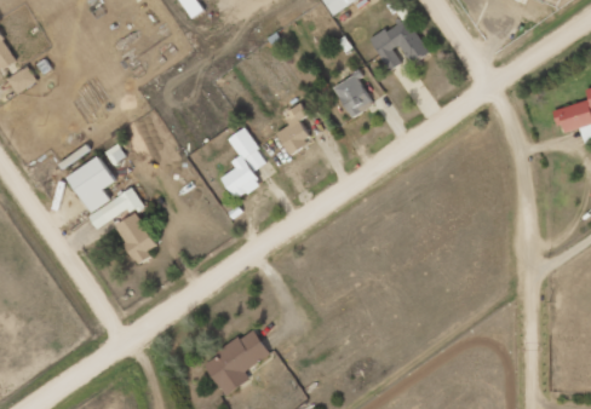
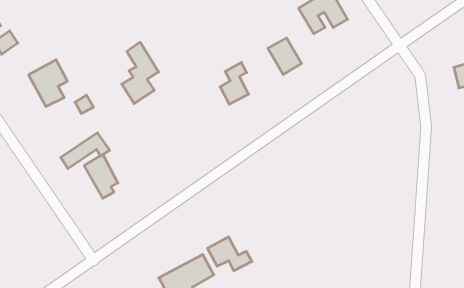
building: [222,127,265,200] -> [122,42,159,104]
building: [67,156,113,212] -> [29,60,67,107]
building: none -> [208,237,252,271]

